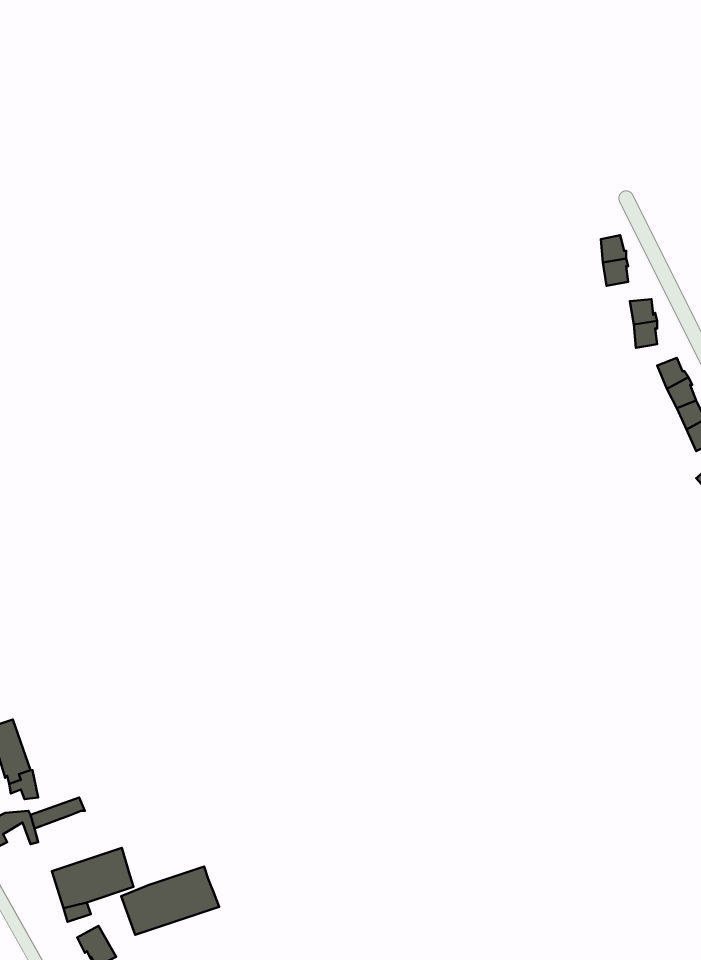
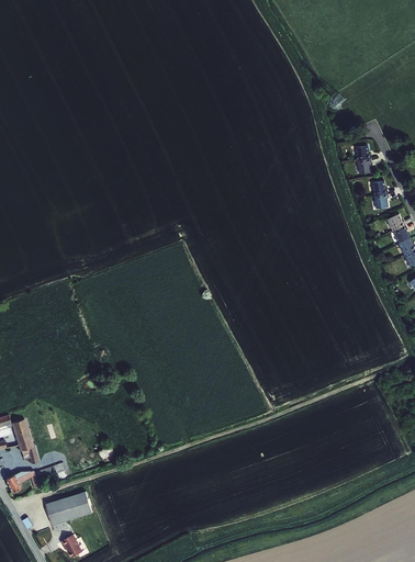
building: [121,866,219,935] -> none

